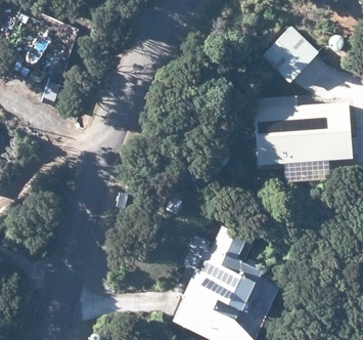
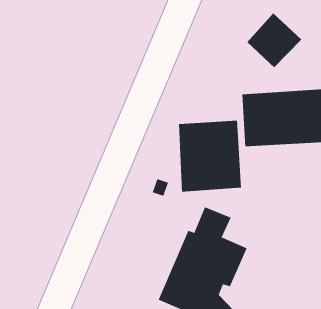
building: none -> [178,120,242,192]

